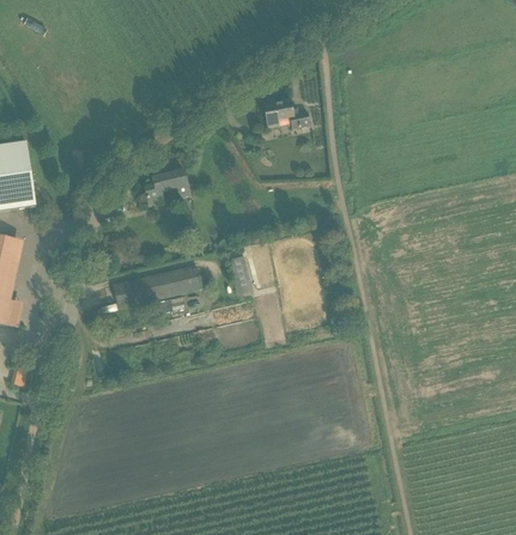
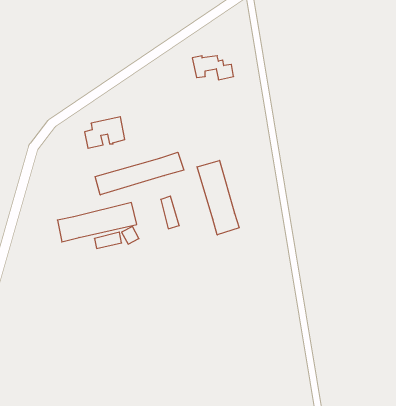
building: none -> [95,152,184,195]
building: none -> [197,160,239,235]

